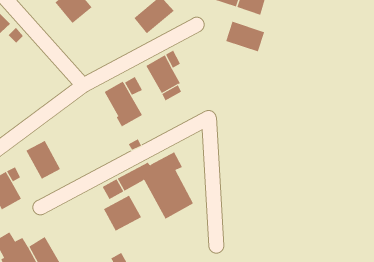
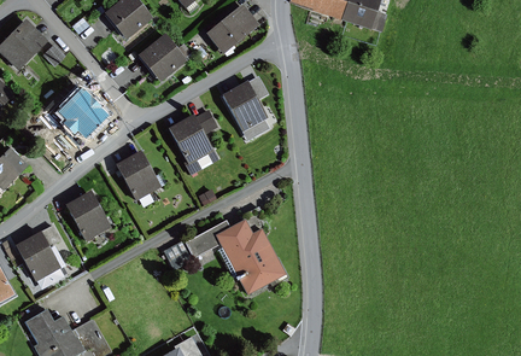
building: none -> [139,34,186,81]
building: [225,21,265,52] -> none
building: none -> [64,93,106,135]
building: none -> [116,151,160,202]
building: [103,195,142,231] -> none

